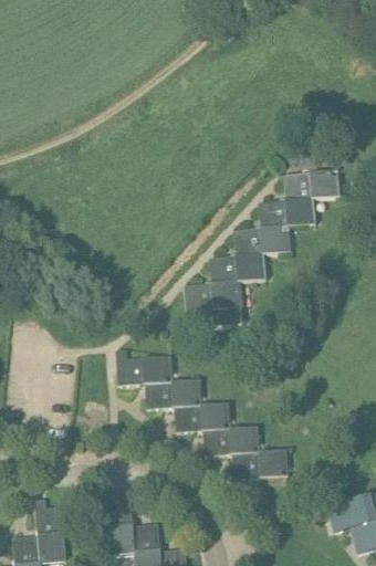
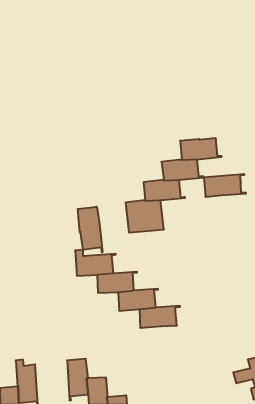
building: [283,169,341,200] -> [204,174,246,197]
building: none -> [78,207,103,252]
building: [232,449,289,479] -> none

